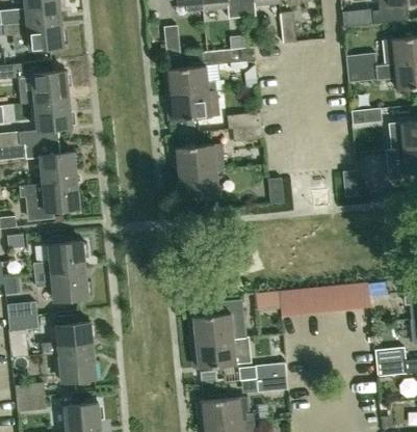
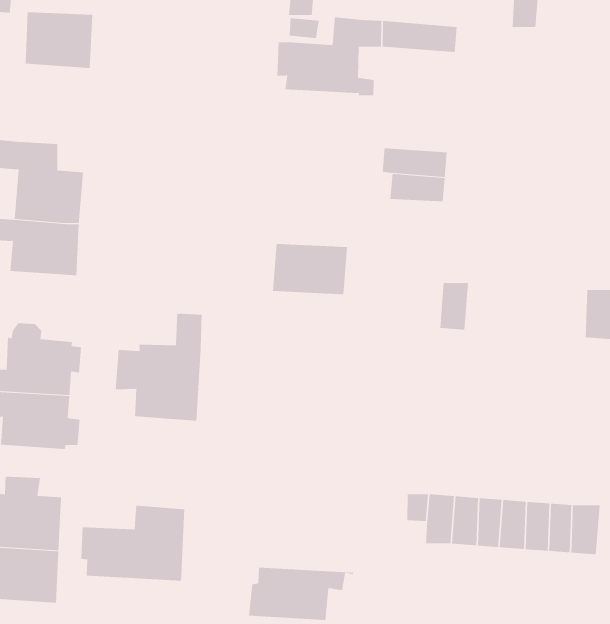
building: [167,90,211,122] -> none
building: [34,100,71,131] -> none
building: [171,143,224,174] -> none
building: none -> [115,313,202,422]
building: [190,300,246,343] -> [81,505,185,581]

